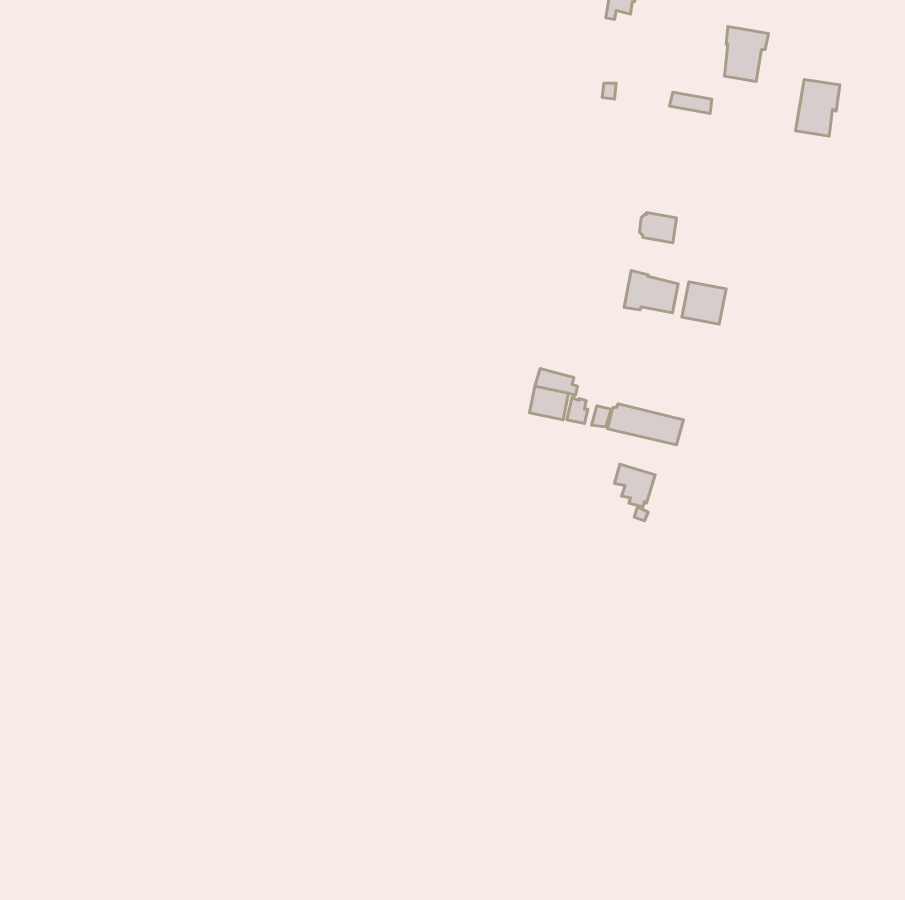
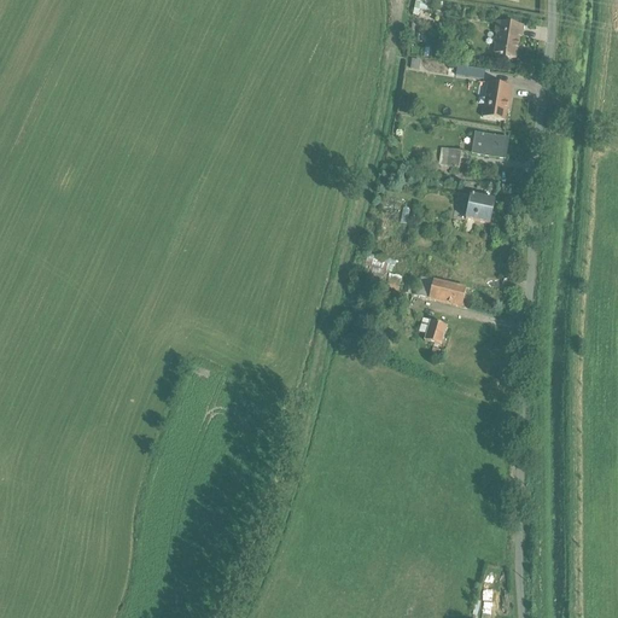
building: [795,79,840,136] -> [482,80,512,118]
building: none -> [472,130,508,156]
building: [624,270,678,313] -> none

